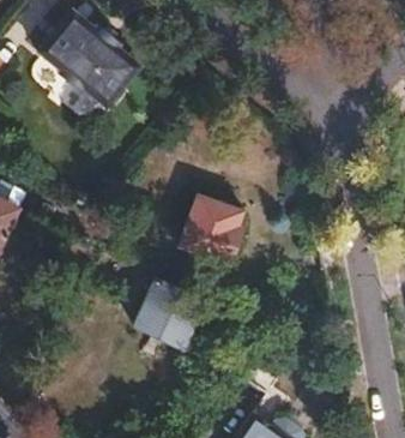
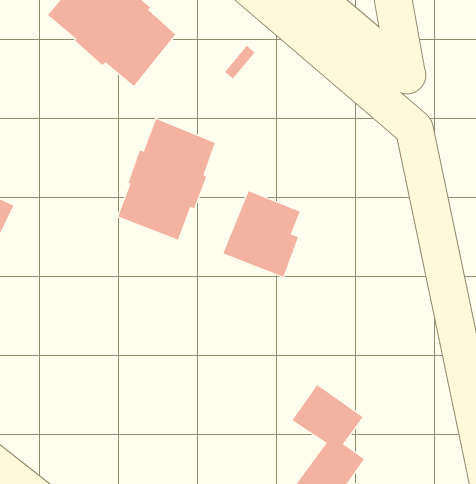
building: none -> [118,118,215,240]
building: [135,278,205,347] -> none

